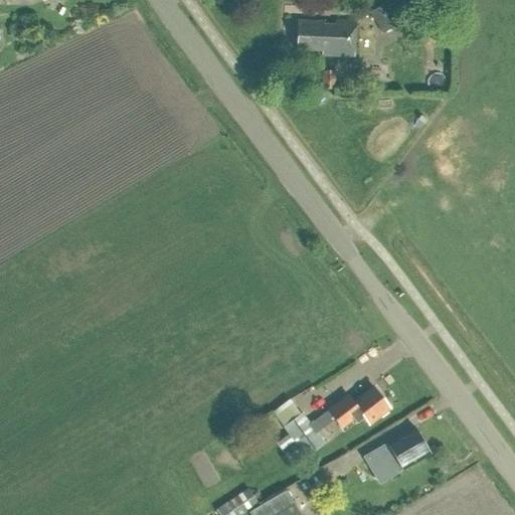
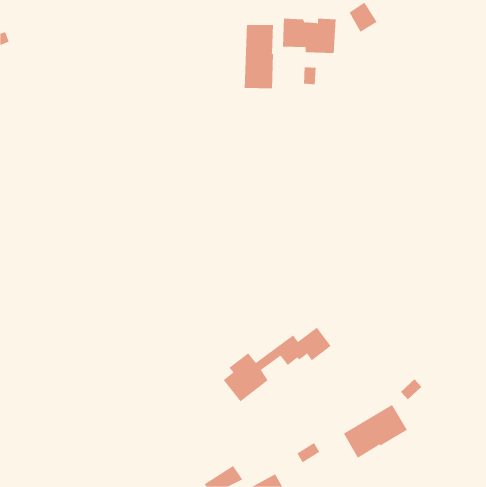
building: none -> [244,24,274,89]
building: [275,387,389,467] -> [223,327,331,402]

